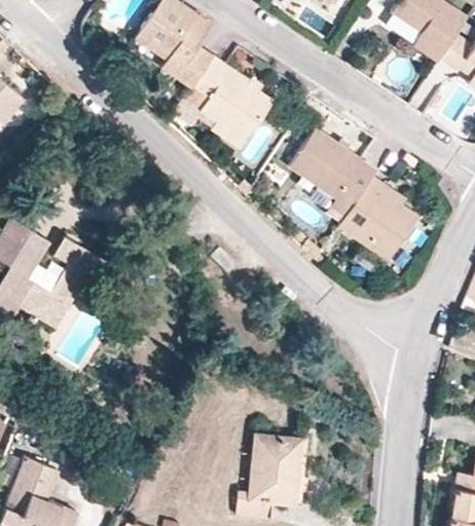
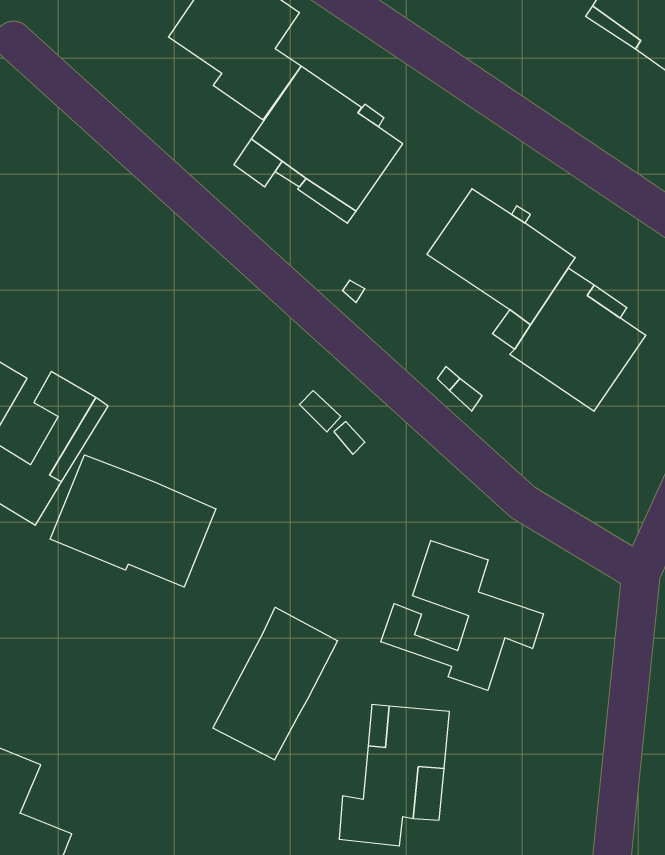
building: none -> [50,455,216,587]
building: none -> [381,540,543,690]
building: none -> [213,607,338,760]

